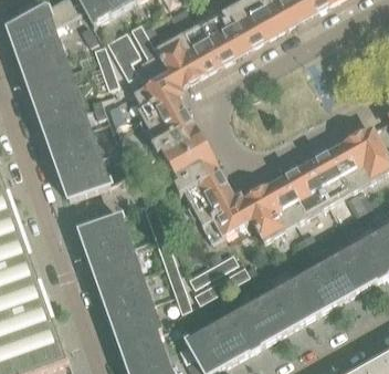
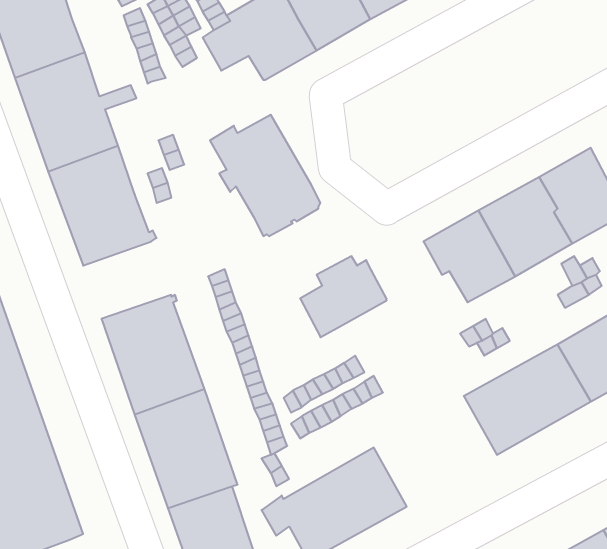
building: [133,70,181,121] -> none
building: [174,158,230,216] -> none
building: [242,181,299,239] -> none
building: [243,274,317,341] -> none

